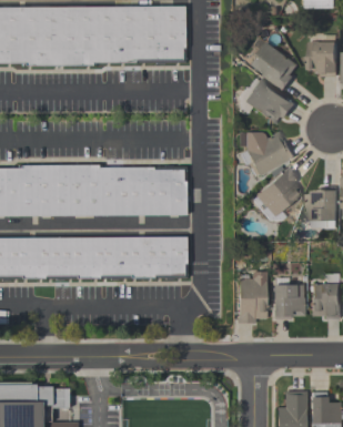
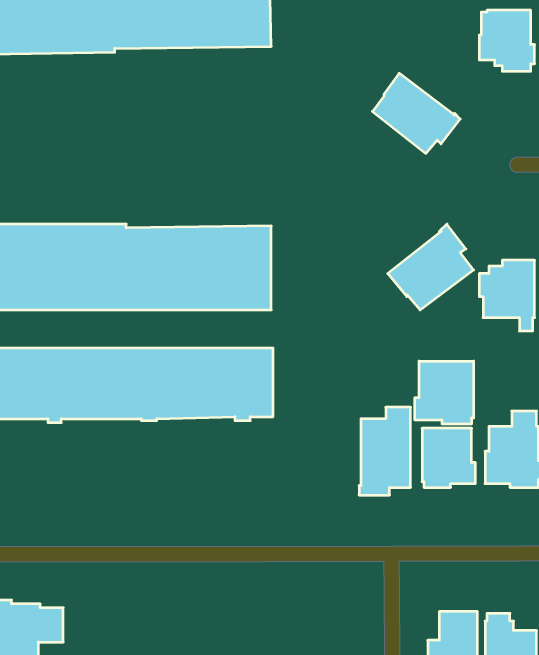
building: [248,42,296,91] -> none
building: [238,131,294,175] -> none
building: none -> [415,361,474,424]

